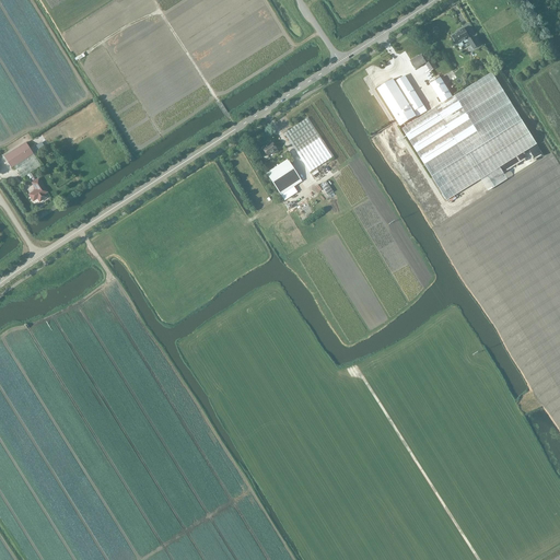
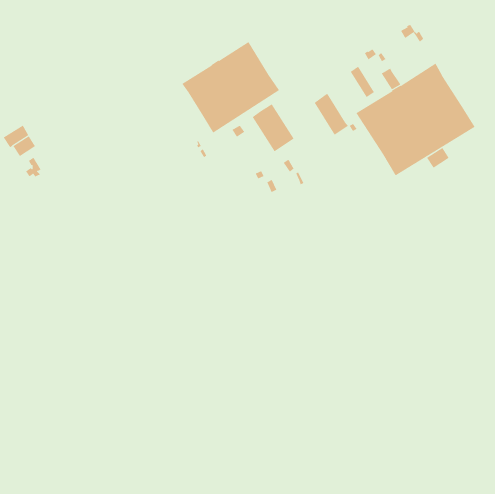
building: none -> [181,41,280,133]
building: [377,78,417,126] -> [314,93,349,136]
building: [266,159,302,194] -> none

